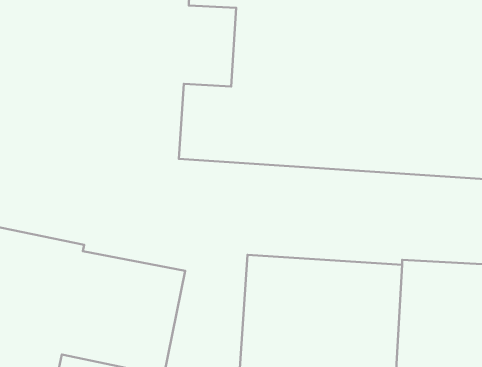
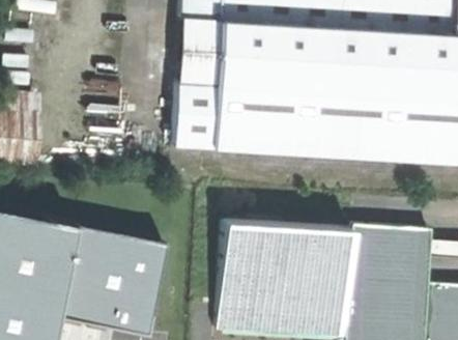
building: none -> [171,18,214,85]

